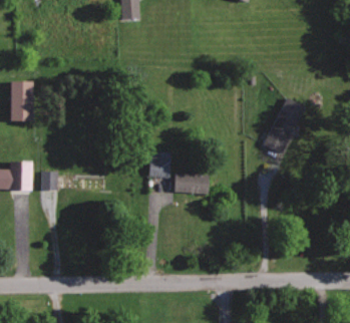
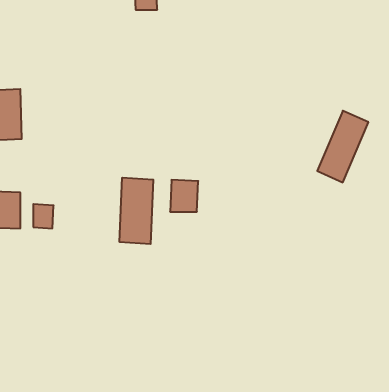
building: none -> [120,178,153,244]
building: [174,173,209,193] -> none

